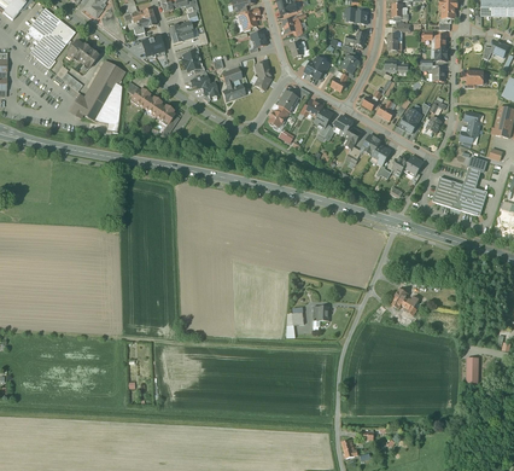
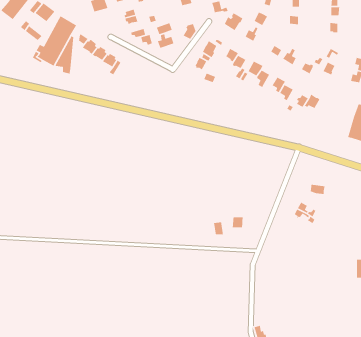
building: [431,176,462,209] -> none

